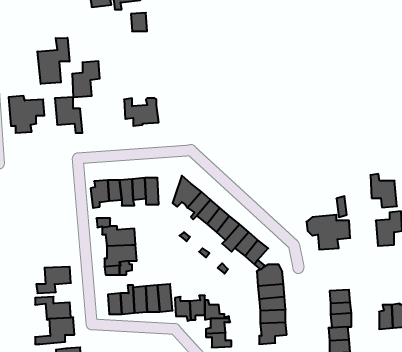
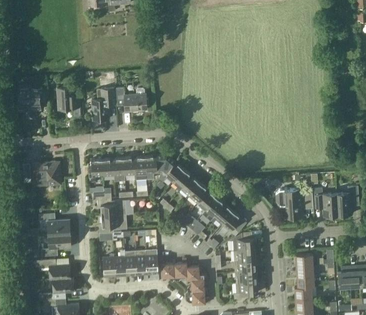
building: [37,38,69,84] -> none
building: [72,61,100,97] -> [92,89,116,120]
building: [370,174,397,207] -> [314,188,337,217]
building: none -> [146,155,167,180]
building: none -> [33,163,61,186]
building: none -> [39,214,70,235]

